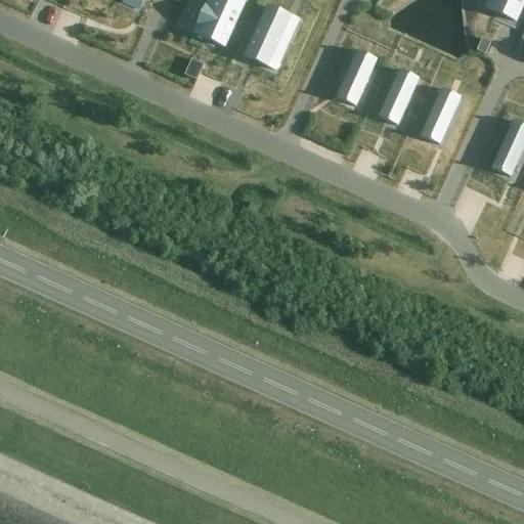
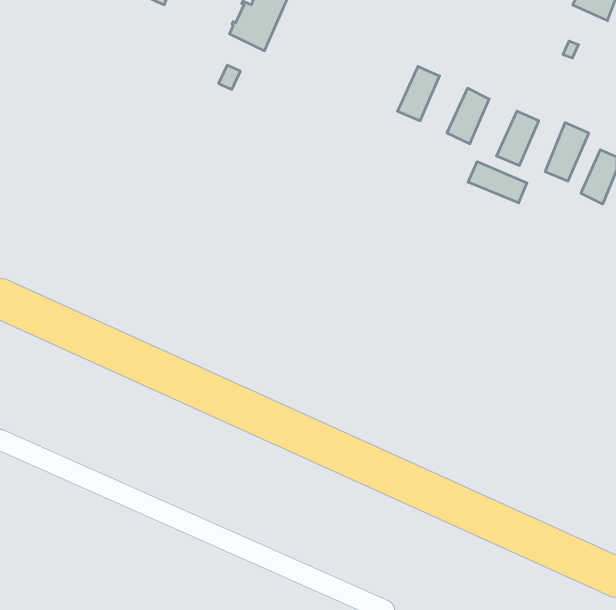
building: [247,10,289,66] -> none
building: none -> [545,123,589,181]
building: none -> [468,162,527,203]

